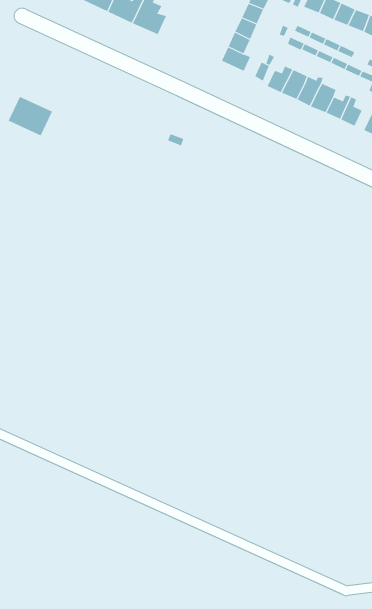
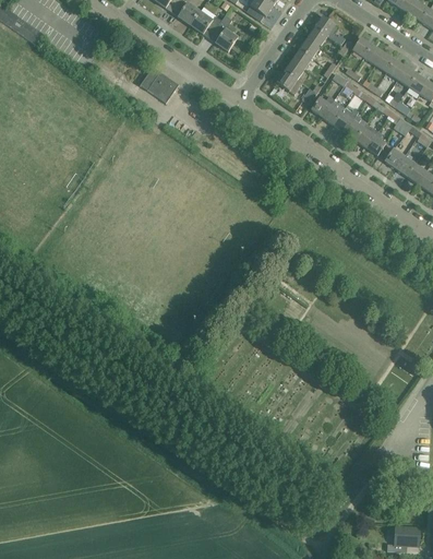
building: [8,96,53,136] -> [141,67,179,103]

